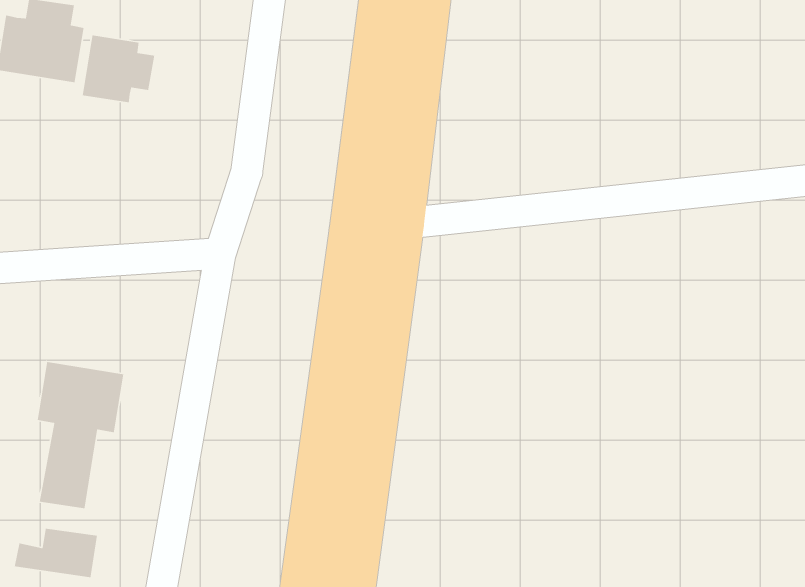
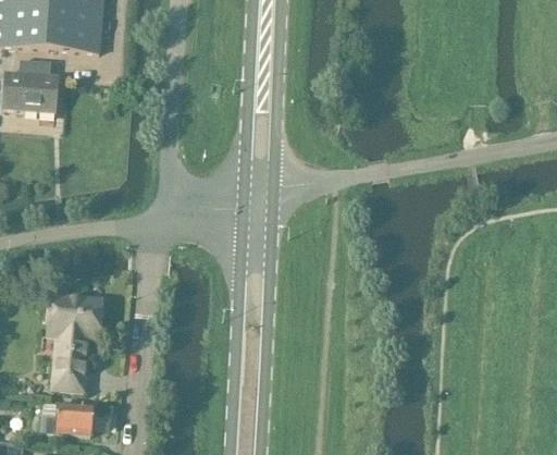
building: [82,35,155,103] -> none

